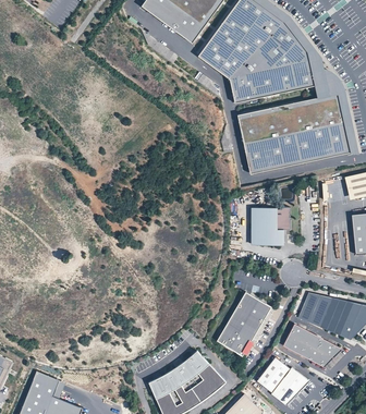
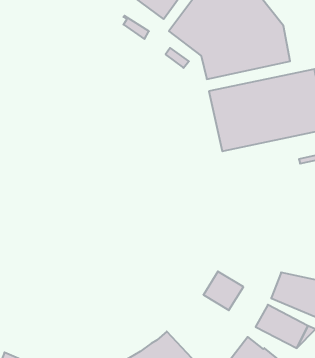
building: [253,207,291,244] -> none
building: [217,314,257,355] -> none

